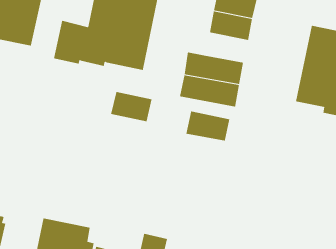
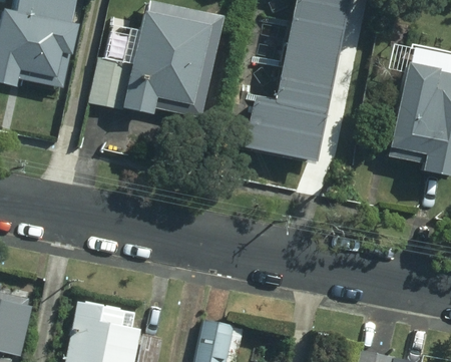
building: [111,91,152,122] -> none
building: [186,111,230,141] -> [277,71,332,108]

